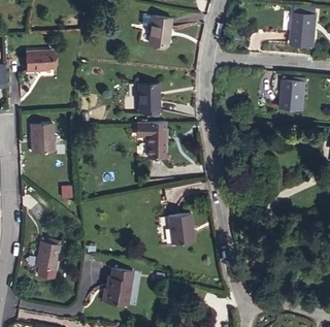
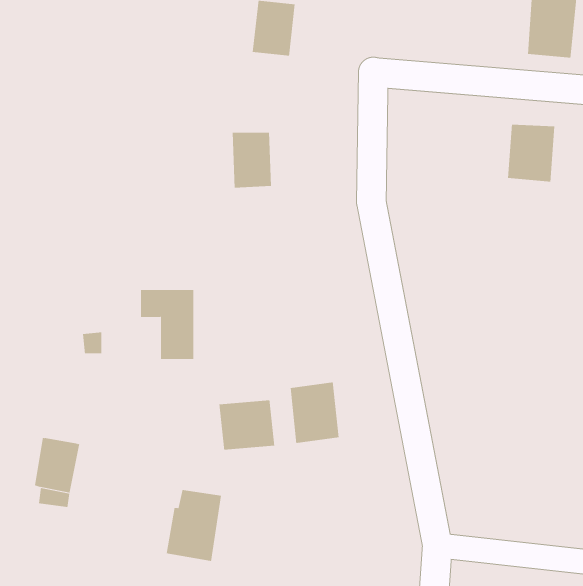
building: [26,51,53,71] -> none
building: [137,122,165,158] -> [140,289,194,359]
building: [31,123,54,152] -> none
building: none -> [219,399,275,451]

